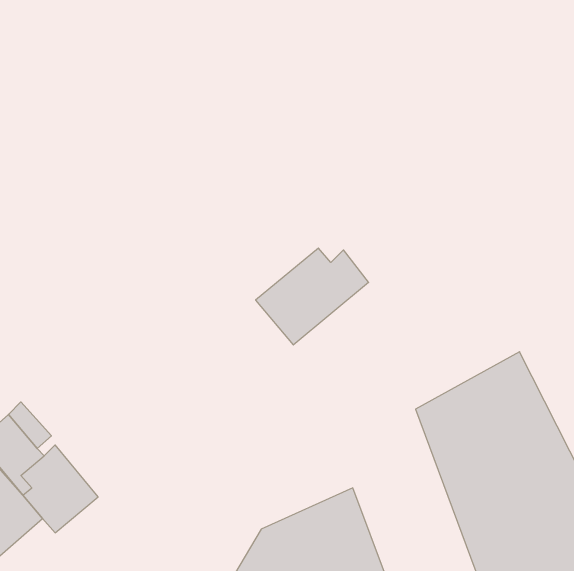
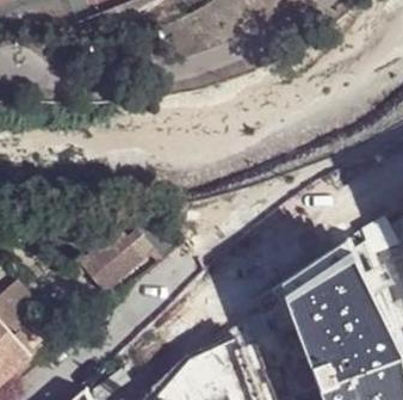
building: [256,248,369,345] -> [81,227,156,291]

